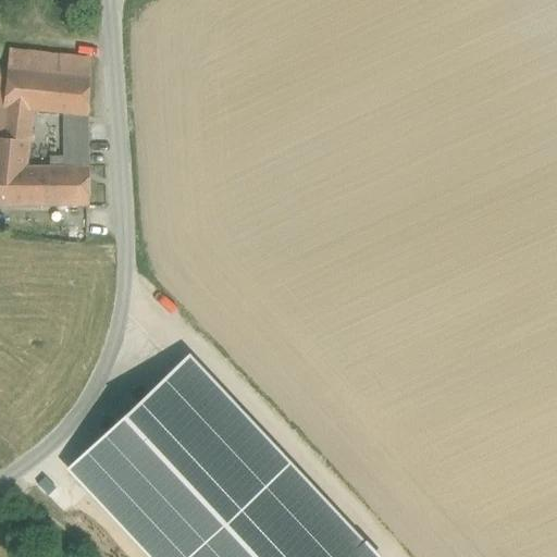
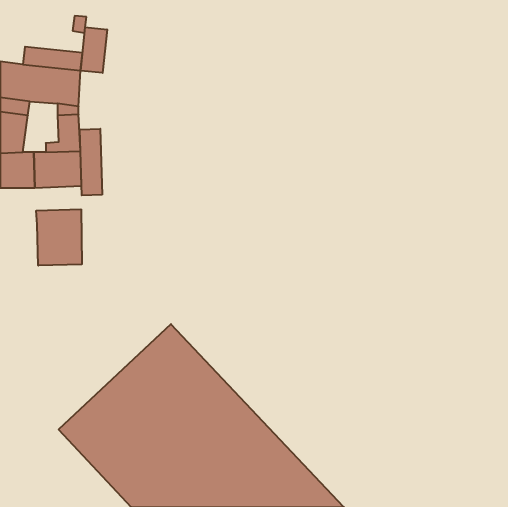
building: none -> [81,27,107,73]
building: none -> [80,129,102,195]
building: none -> [36,209,82,266]

